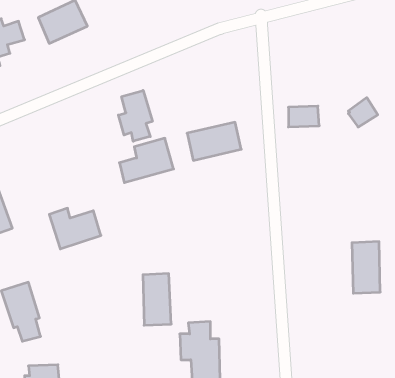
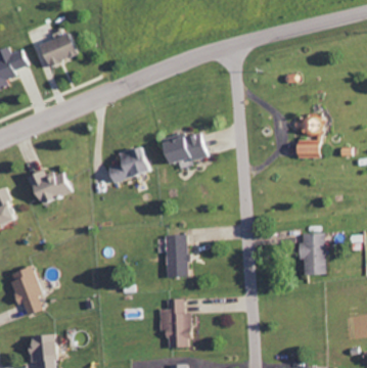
building: [118,90,152,141] -> none
building: [288,106,319,127] -> [297,140,323,157]
building: [49,208,101,249] -> [30,171,73,204]
building: [143,274,171,325] -> [165,234,188,277]

